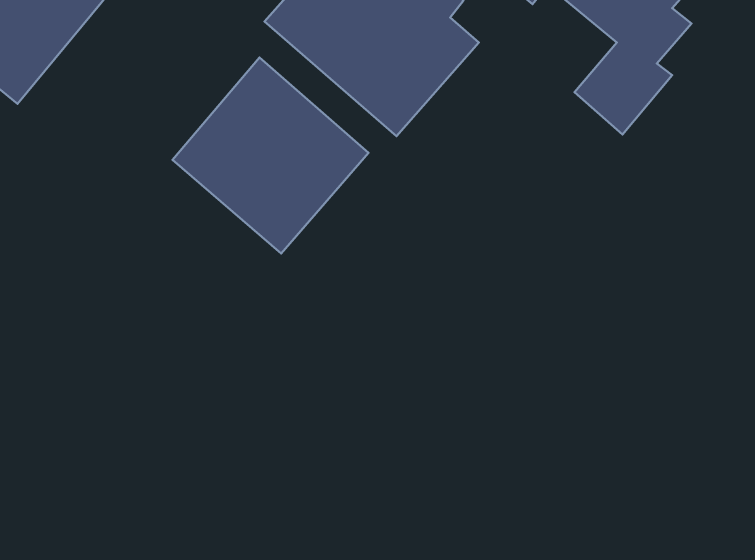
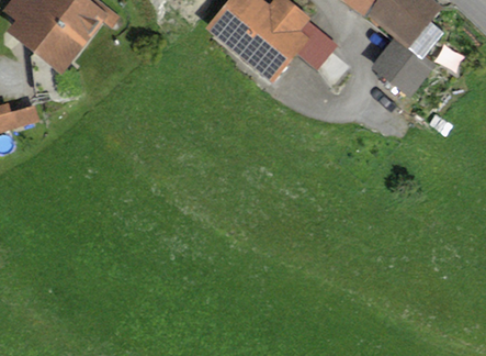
building: [172,58,369,253] -> none

